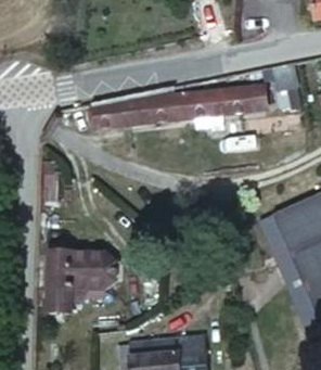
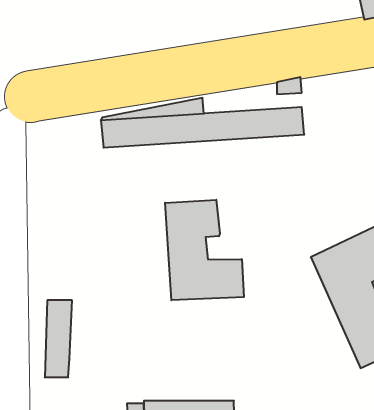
building: none -> [165,200,244,300]
building: [67,255,113,305] -> none

